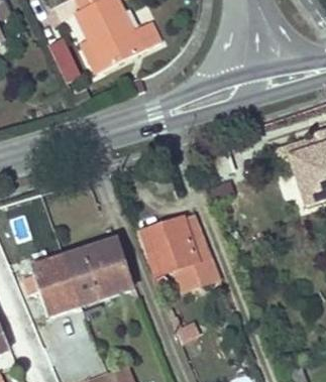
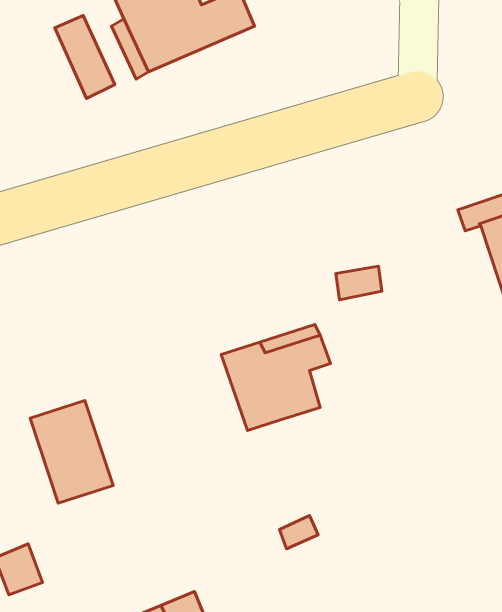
building: [175,235,219,288] -> none
building: [64,239,131,304] -> none

